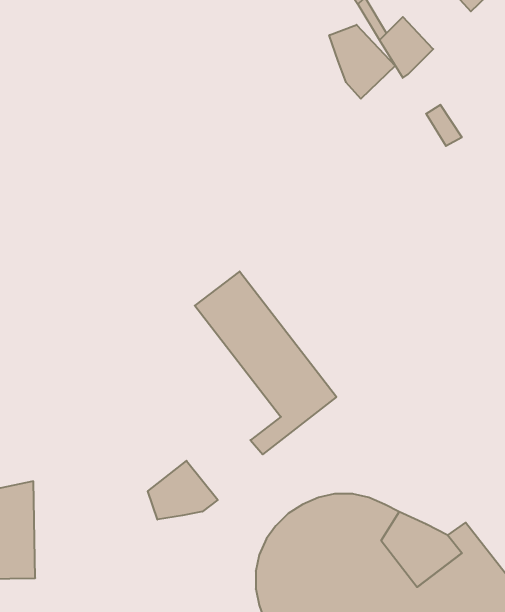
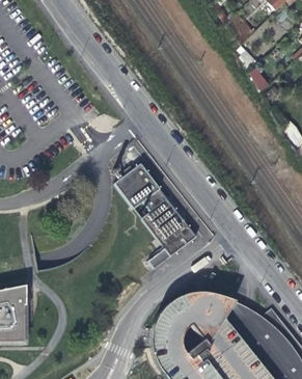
building: [329,25,395,99] -> none
building: [148,461,218,520] -> none

